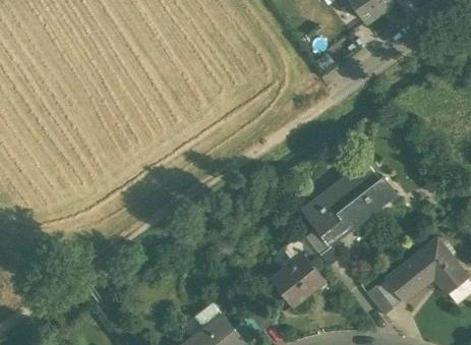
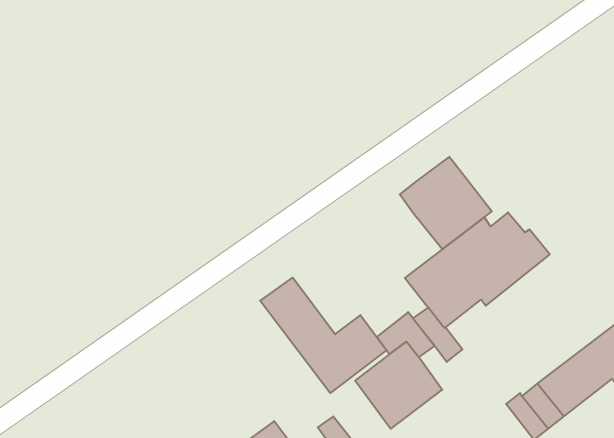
building: none -> [400,157,492,249]
building: none -> [260,278,387,393]

